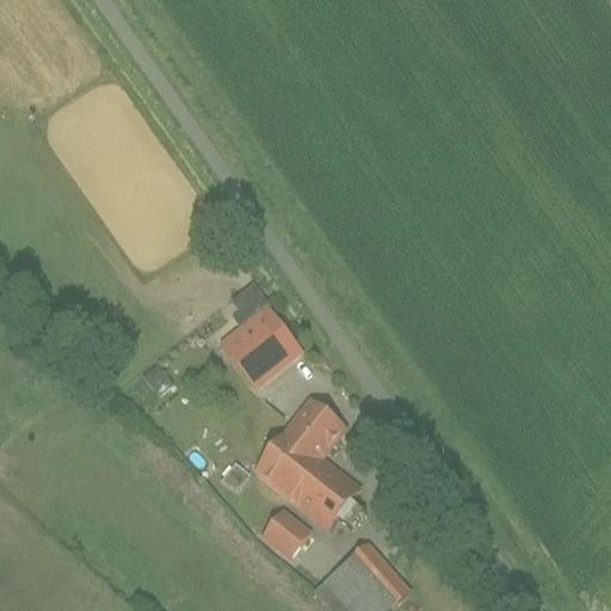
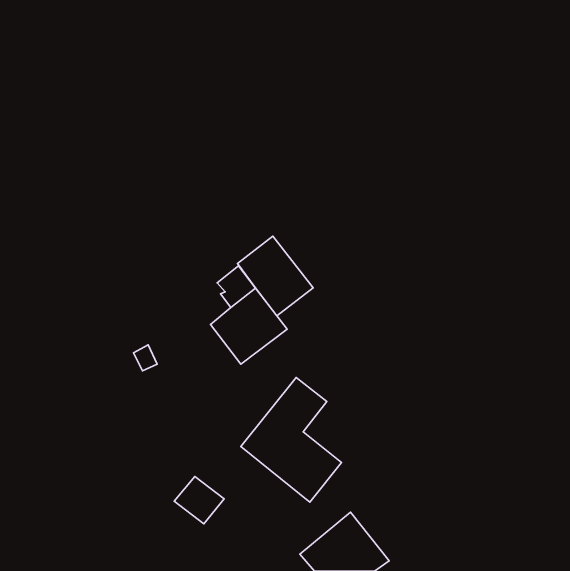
building: none -> [238,236,313,316]
building: [260,510,313,560] -> [174,476,224,524]

